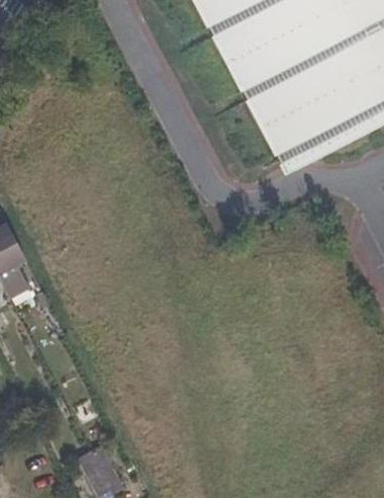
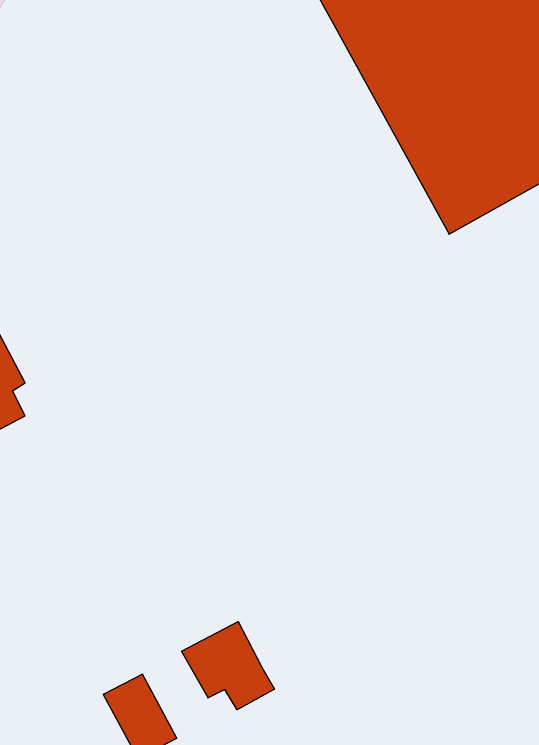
building: none -> [182,622,274,710]

